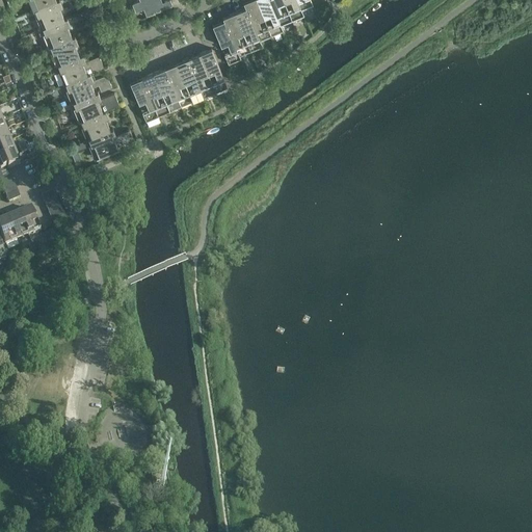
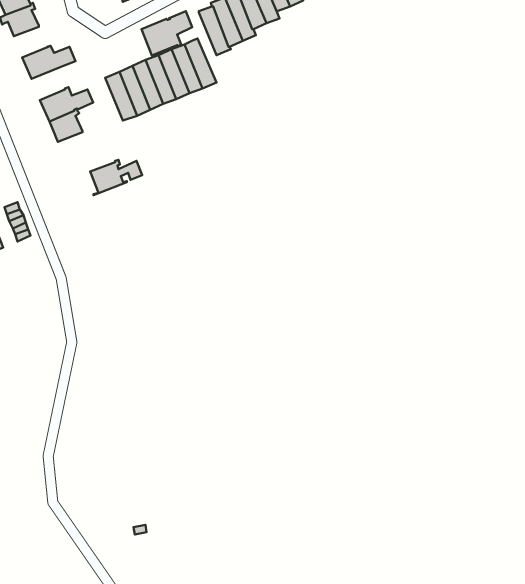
building: none -> [141,11,192,56]
building: [43,35,80,64] -> none
building: [65,73,111,102] -> none
building: [88,128,134,159] -> [90,160,142,195]

